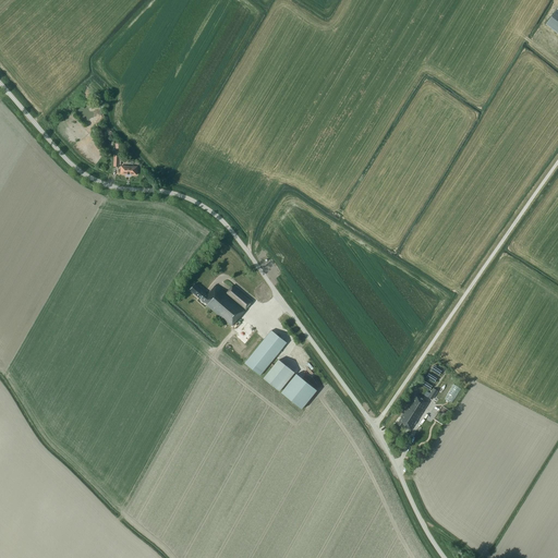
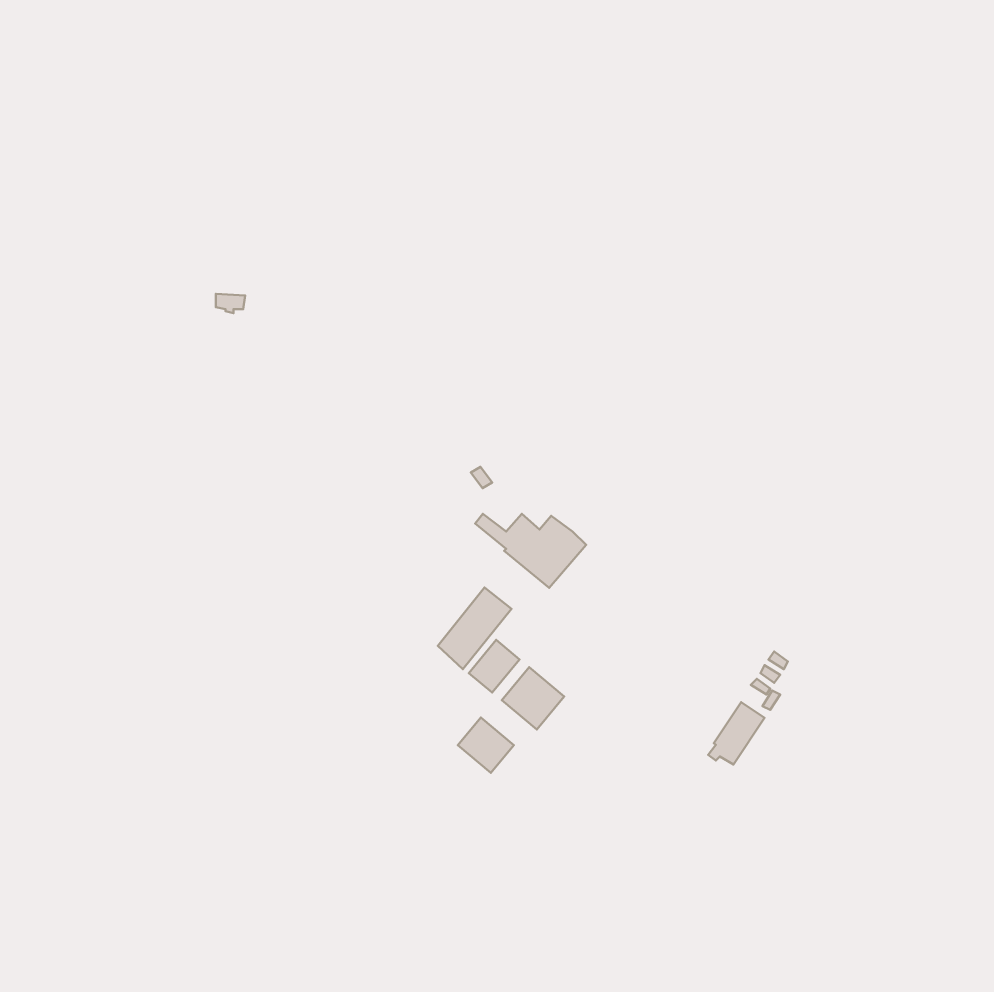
building: [190,283,252,325] -> [475,514,586,588]
building: none -> [458,717,514,773]

